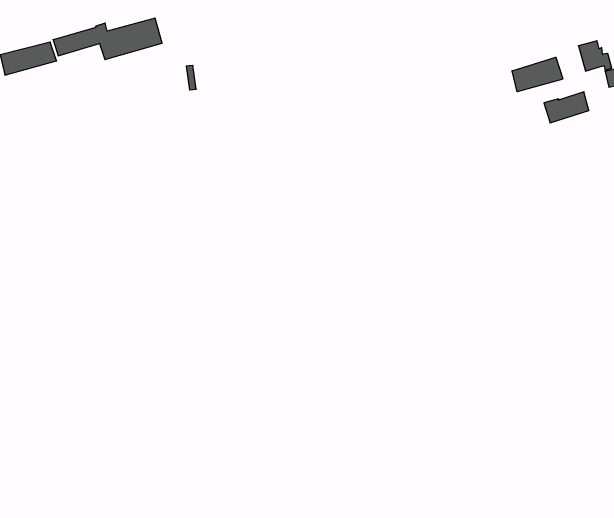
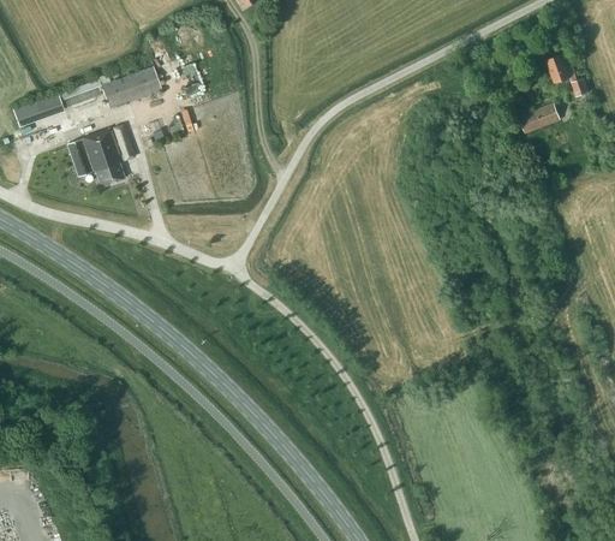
building: [512,57,563,92] -> none
building: none -> [65,124,133,186]

